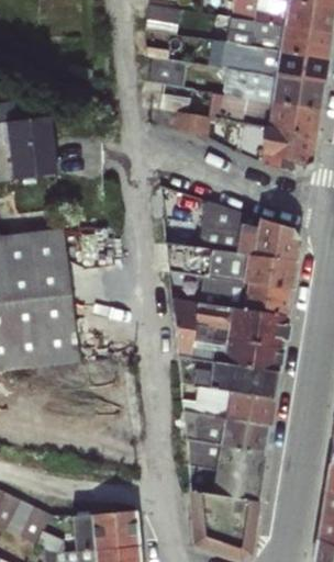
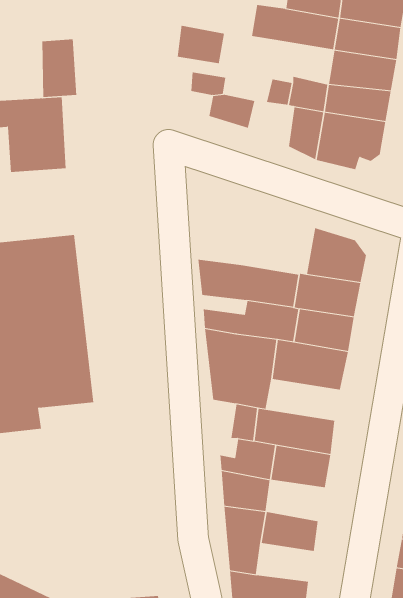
building: none -> [42,38,77,98]
building: [224,69,275,104] -> none
building: [201,200,259,256] -> none
building: [221,339,280,372] -> none
building: [221,419,268,452] -> none
building: [213,470,259,501] -> none

